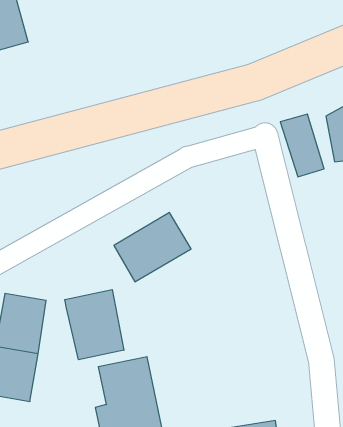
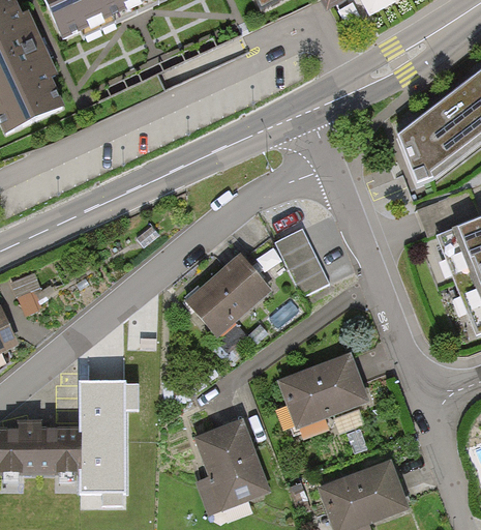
building: [280,114,324,177] -> [270,223,326,292]
building: [65,290,124,360] -> none
building: none -> [278,356,368,432]

